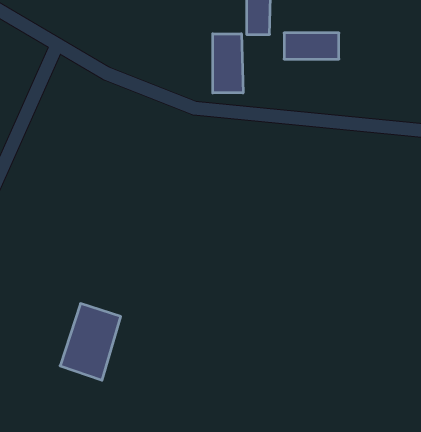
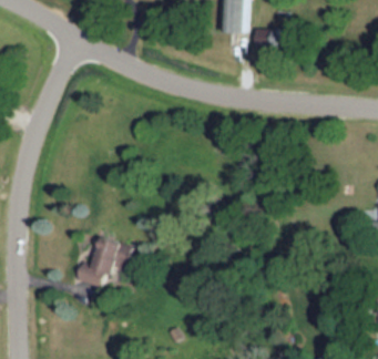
building: [213,34,243,93] -> none

